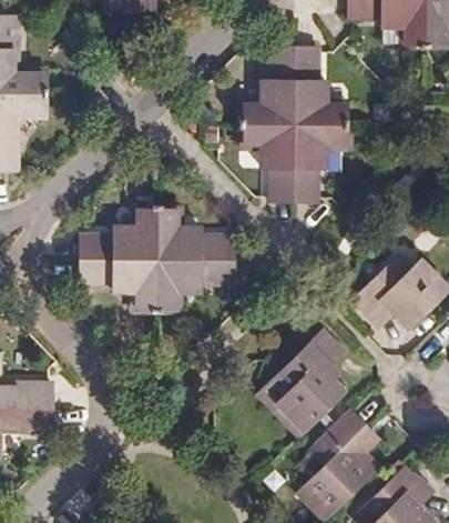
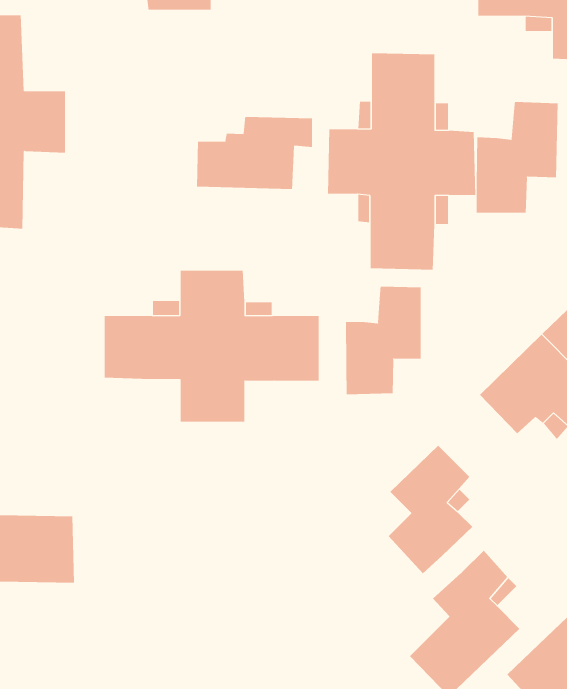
building: none -> [476,101,558,213]
building: none -> [197,116,313,190]
building: none -> [345,286,421,395]
building: [262,365,309,433] -> none

